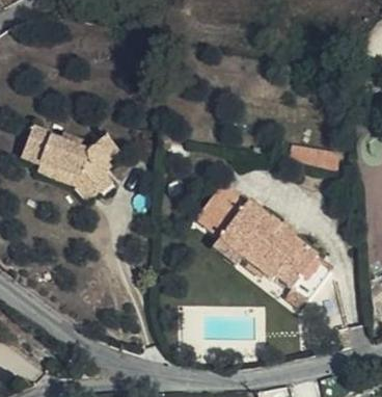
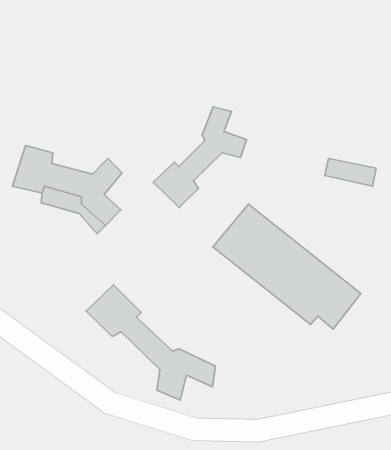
building: none -> [153,107,247,207]
building: none -> [86,285,216,400]

